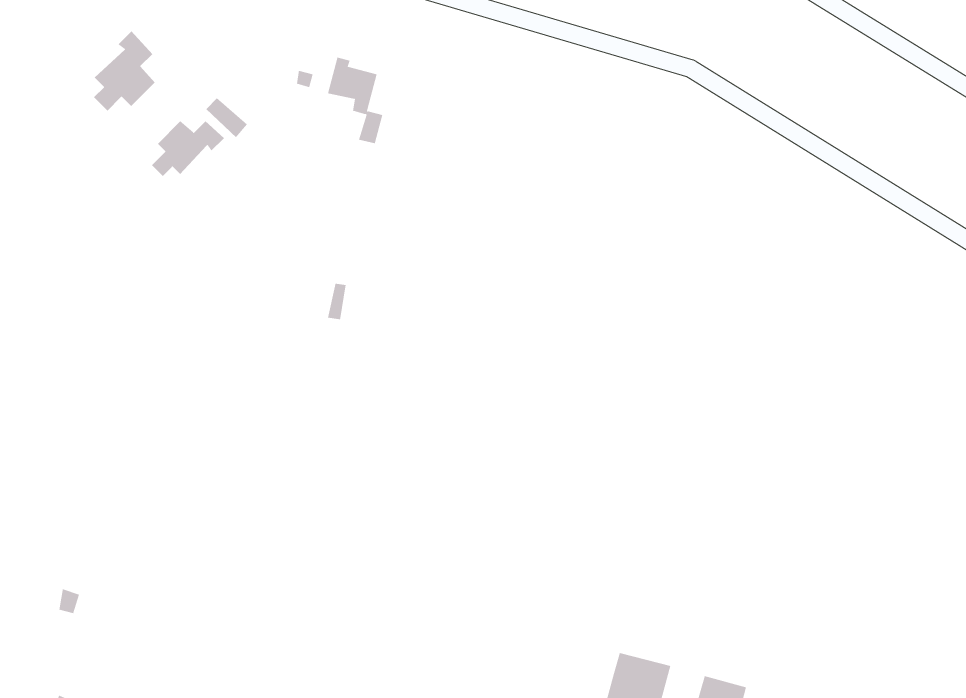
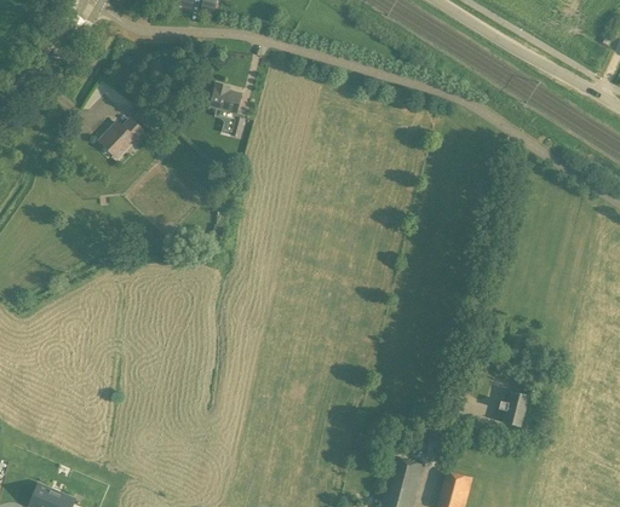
building: [93,30,155,111] -> none
building: none -> [495,391,527,427]

